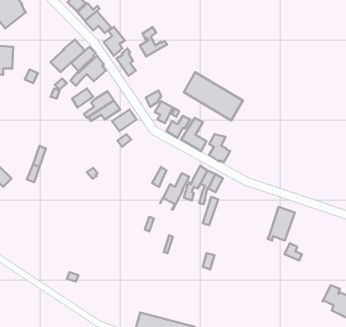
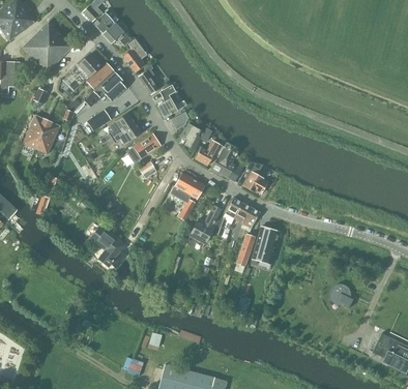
building: none -> [22,22,72,71]
building: [140,27,167,56] -> [156,85,187,118]
building: [184,72,243,120] -> none
building: none -> [23,116,57,152]
building: none -> [174,172,204,199]
building: none -> [91,227,124,267]
building: [268,207,295,241] -> [249,223,280,262]

